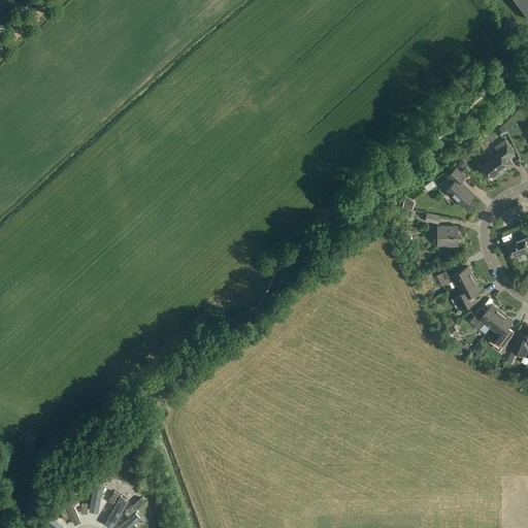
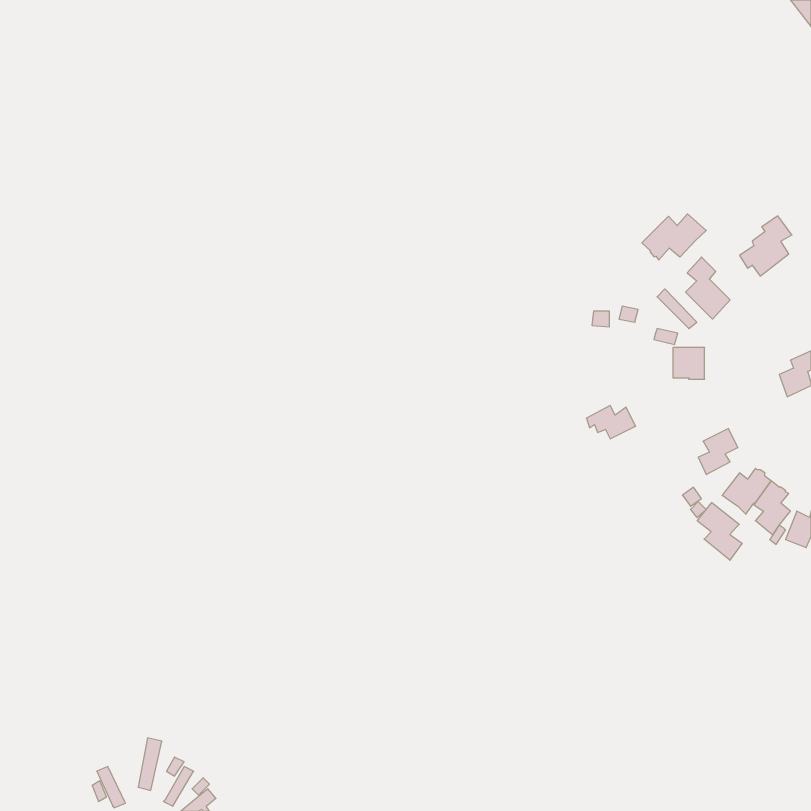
building: none -> [642,214,706,260]
building: [441,265,473,287] -> [586,406,636,439]
building: none -> [697,503,742,560]

